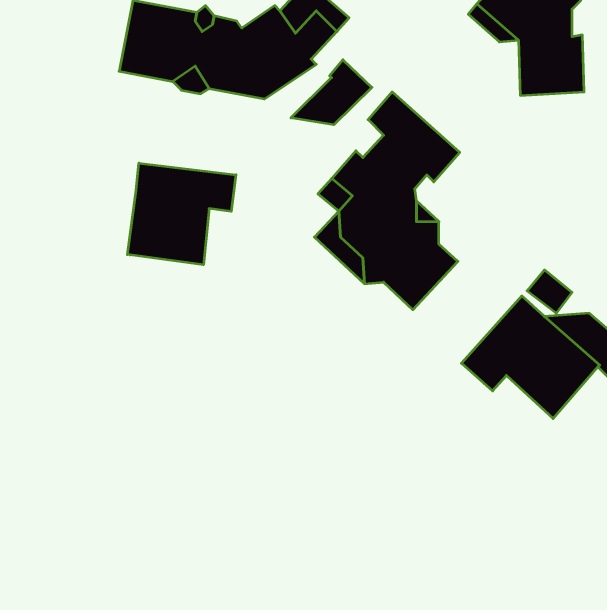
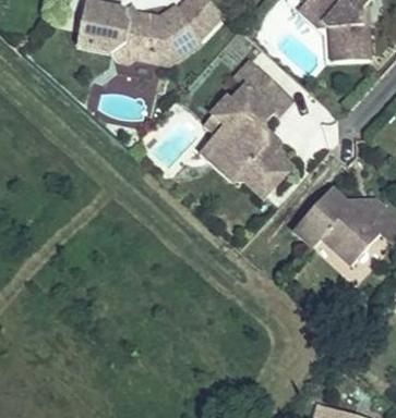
building: [291,60,372,125] -> none
building: [127,163,236,265] -> none

